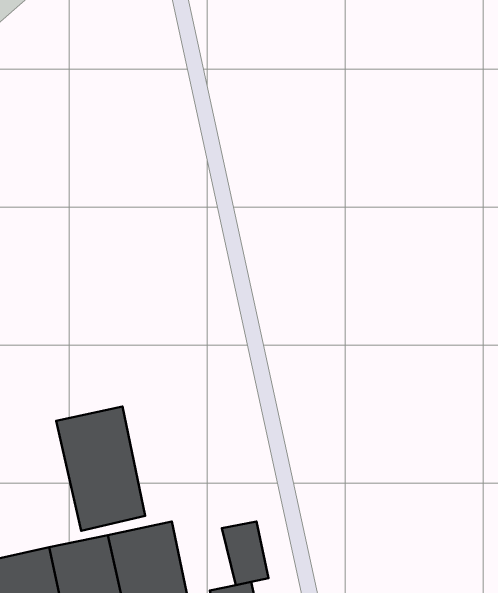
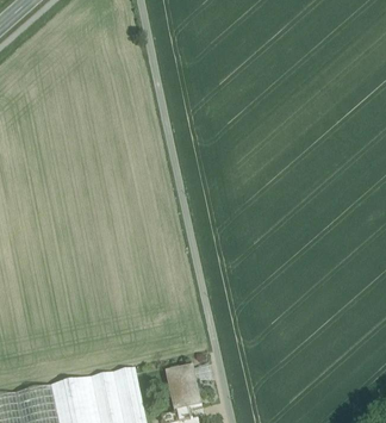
building: [56,406,145,531] -> none

